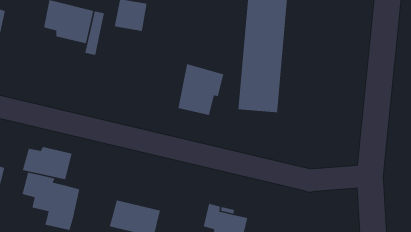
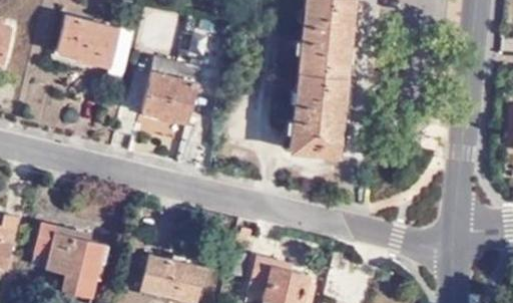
building: [177,63,224,116] -> [138,57,195,121]
building: [22,146,73,180] -> none

